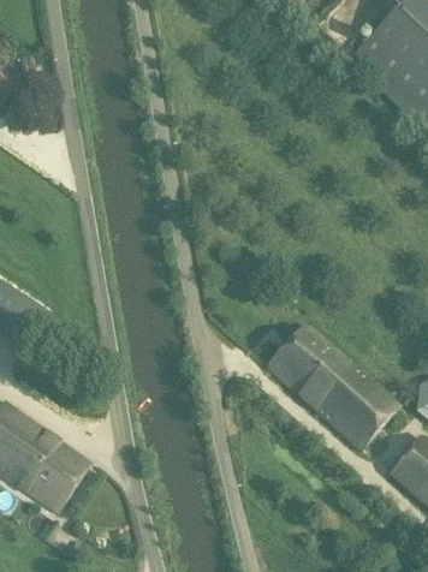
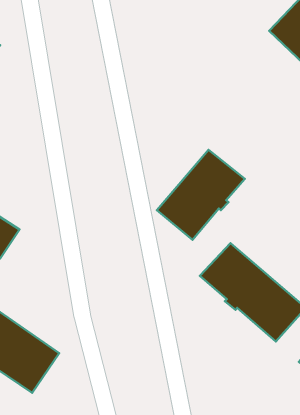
building: none -> [157,150,245,240]

